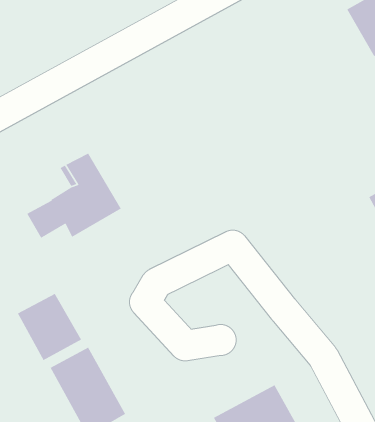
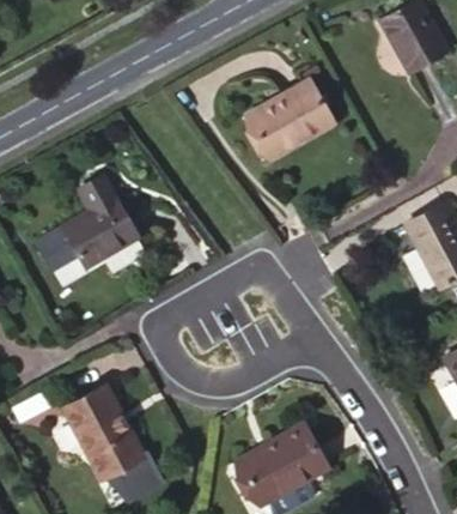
building: none -> [246,80,333,157]
building: [17,293,82,361] -> none

